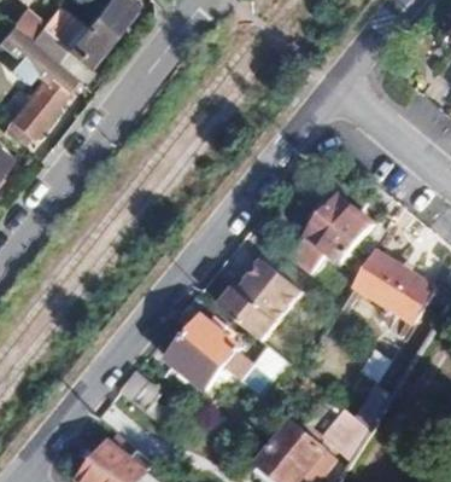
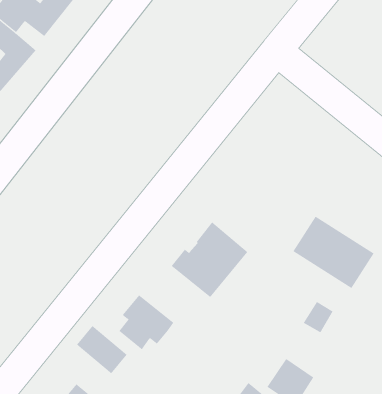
building: [291,197,374,273] -> none
building: [187,317,254,381] -> none

